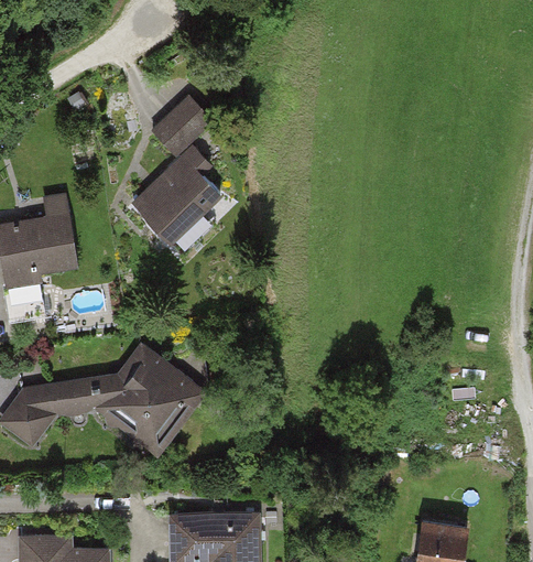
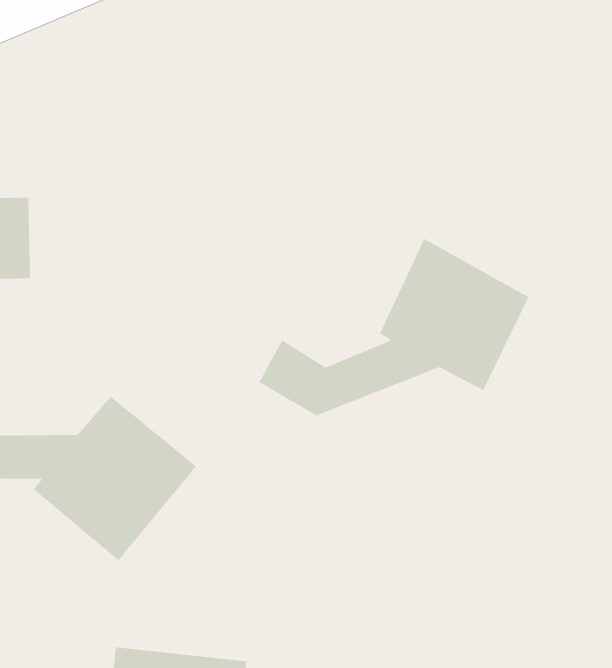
building: [133,93,222,242] -> none
building: none -> [259,238,529,416]

